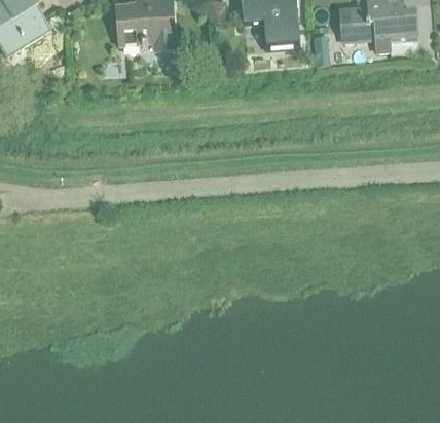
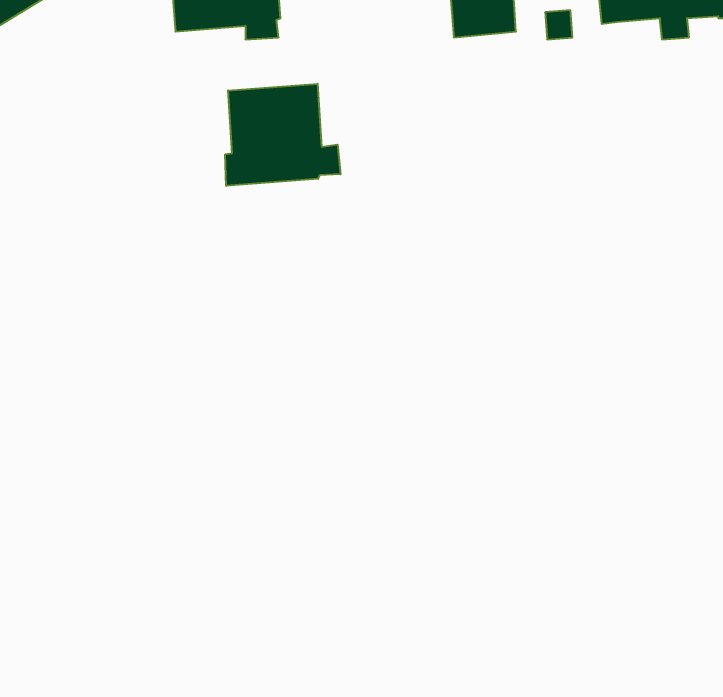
building: none -> [225,84,340,186]

